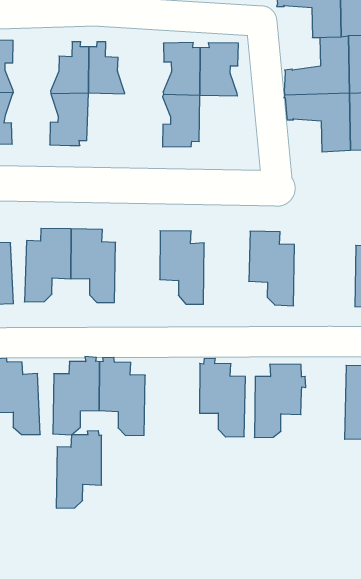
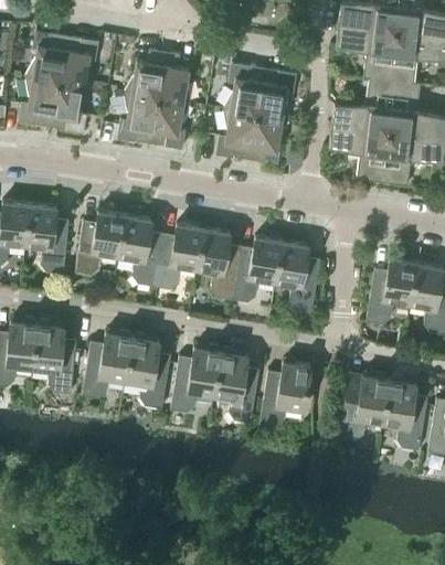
building: none -> [150,98,190,150]
building: none -> [250,115,289,166]
building: none -> [153,225,203,290]
building: none -> [232,237,283,302]
building: [56,431,102,508] -> [171,347,221,413]

